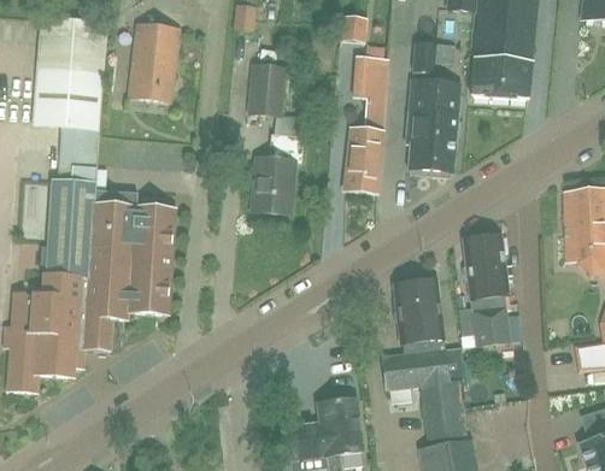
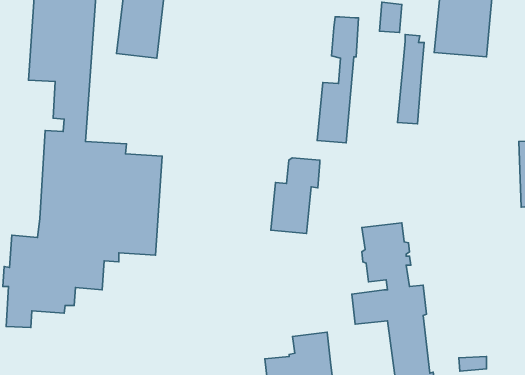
building: [247,64,287,116] -> none
building: [406,81,440,171] -> none
building: [252,131,305,213] -> [271,158,320,234]
building: [459,234,513,343] -> none

